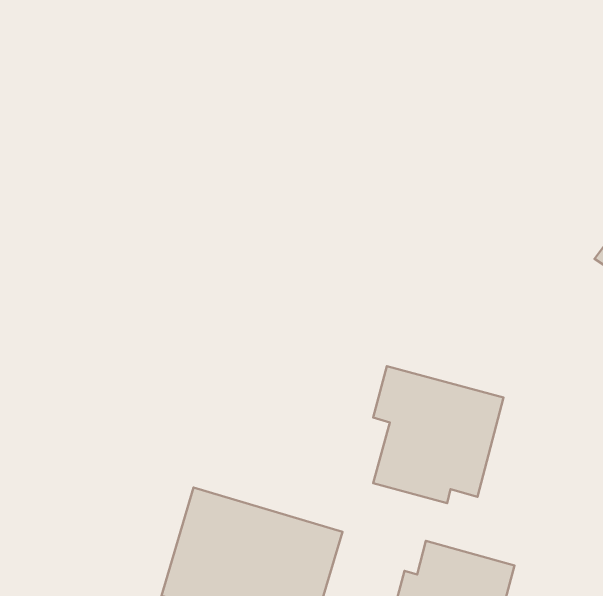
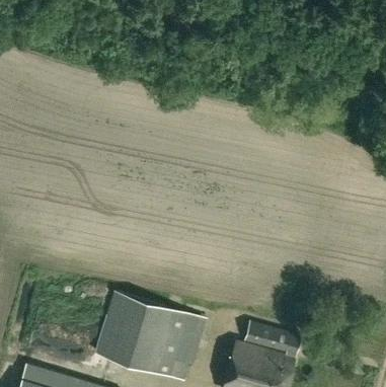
building: [373,366,504,503] -> none

